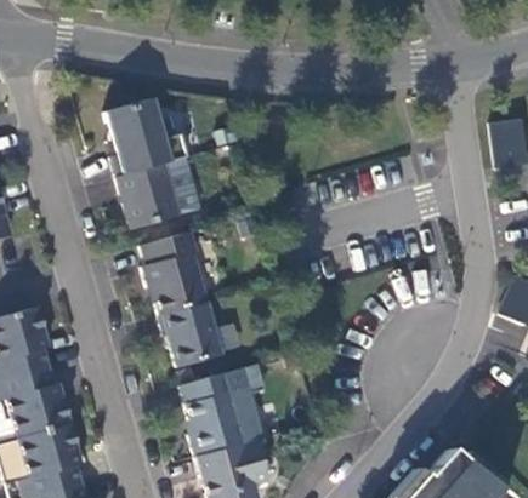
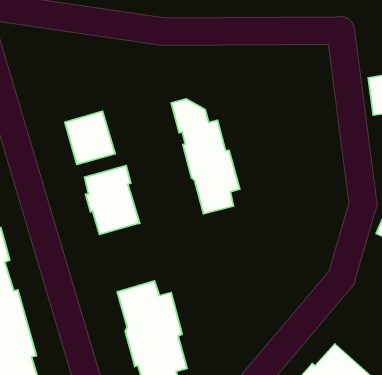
building: [106,97,188,176] -> none
building: none -> [171,99,240,214]
building: [160,300,223,366] -> none

